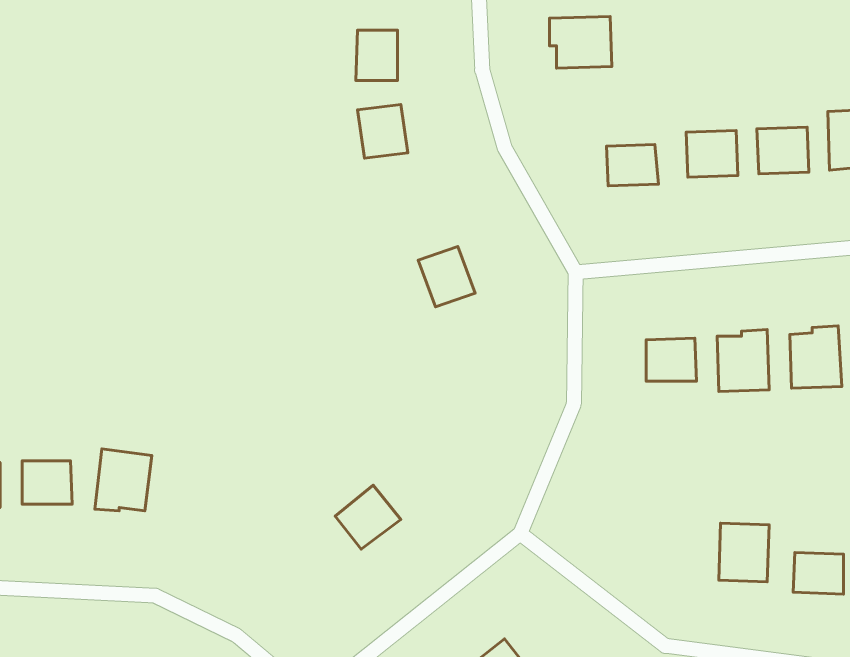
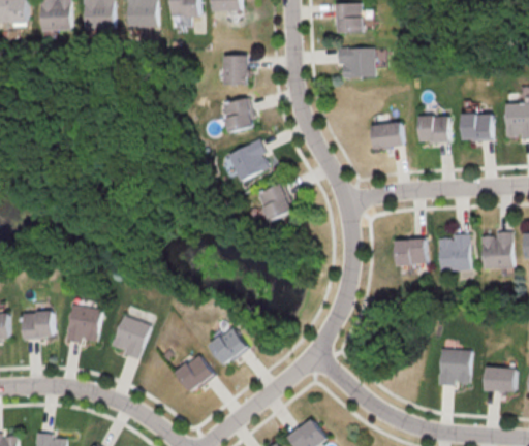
building: none -> [226,138,272,182]
building: none -> [111,315,149,358]
building: none -> [176,354,215,392]

